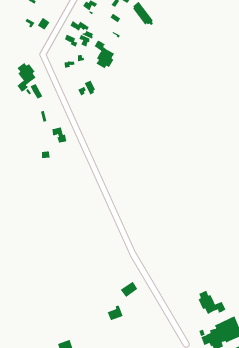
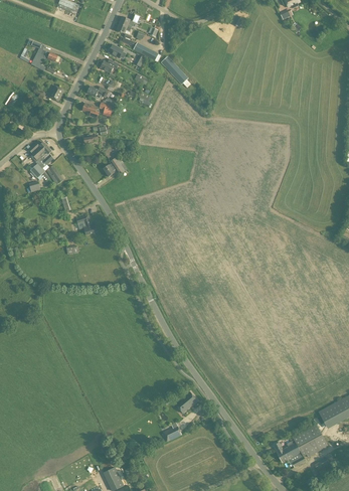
building: [94,39,115,69] -> none
building: [198,290,226,315] -> none

